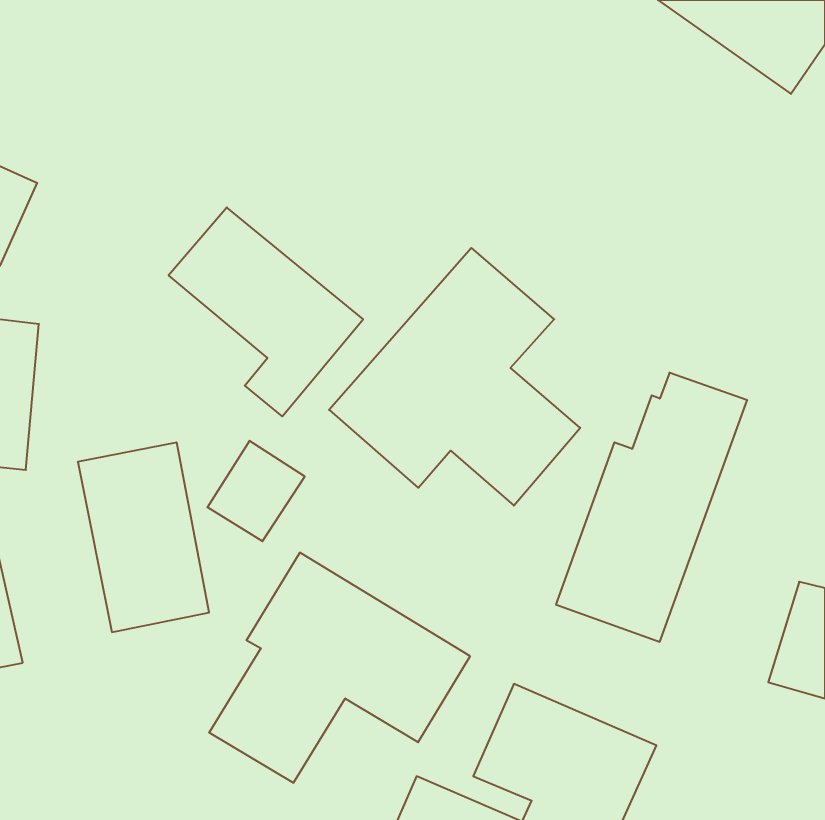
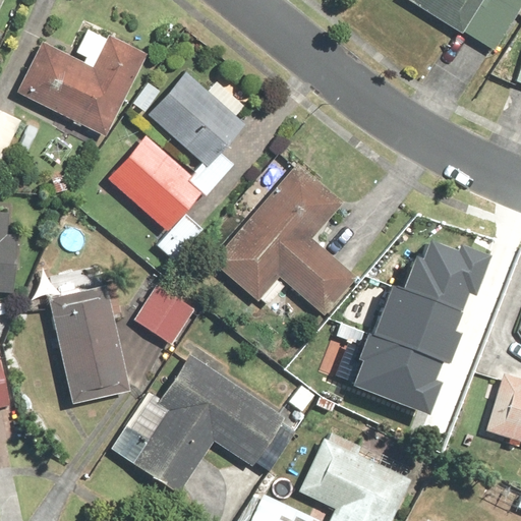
building: none -> [15,24,149,139]
building: none -> [148,70,250,171]

